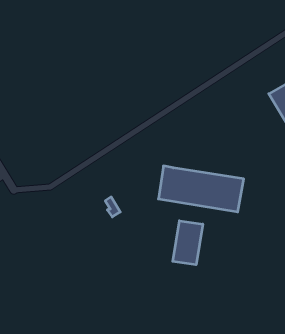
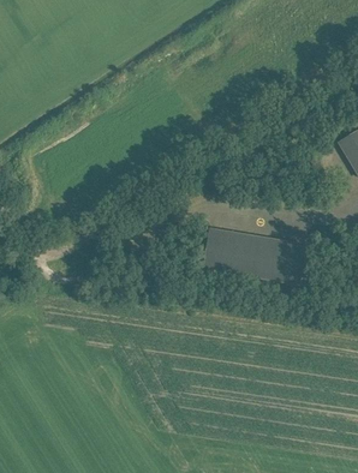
building: [173,221,203,265] -> none

